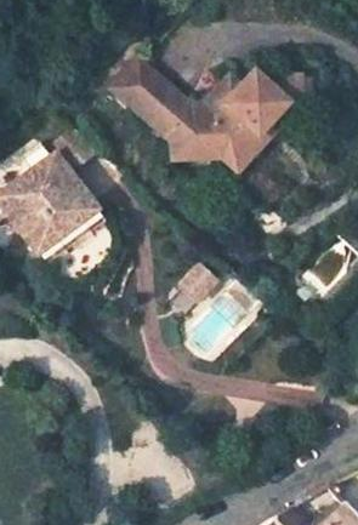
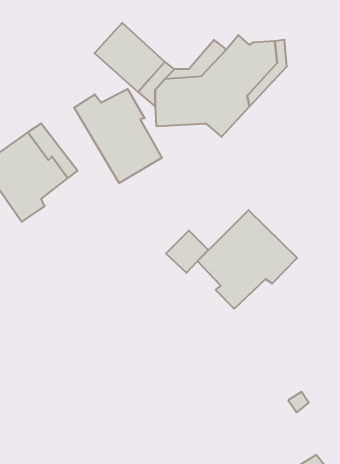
building: none -> [74,89,162,183]
building: none -> [197,210,297,309]

